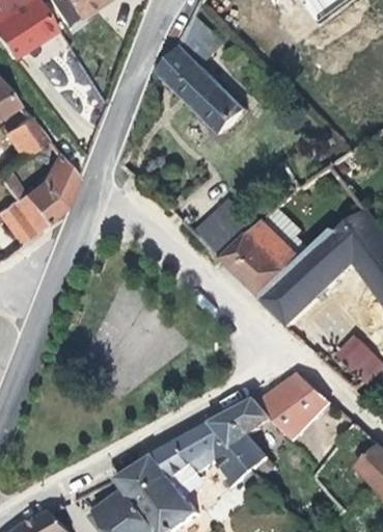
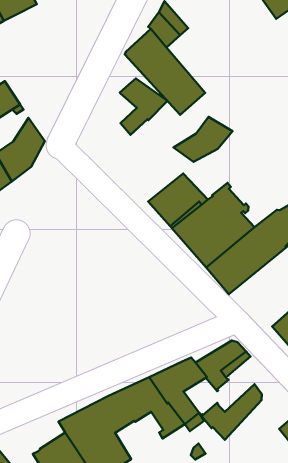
building: none -> [120,79,167,135]
building: none -> [174,117,233,162]
building: none -> [201,384,262,440]

